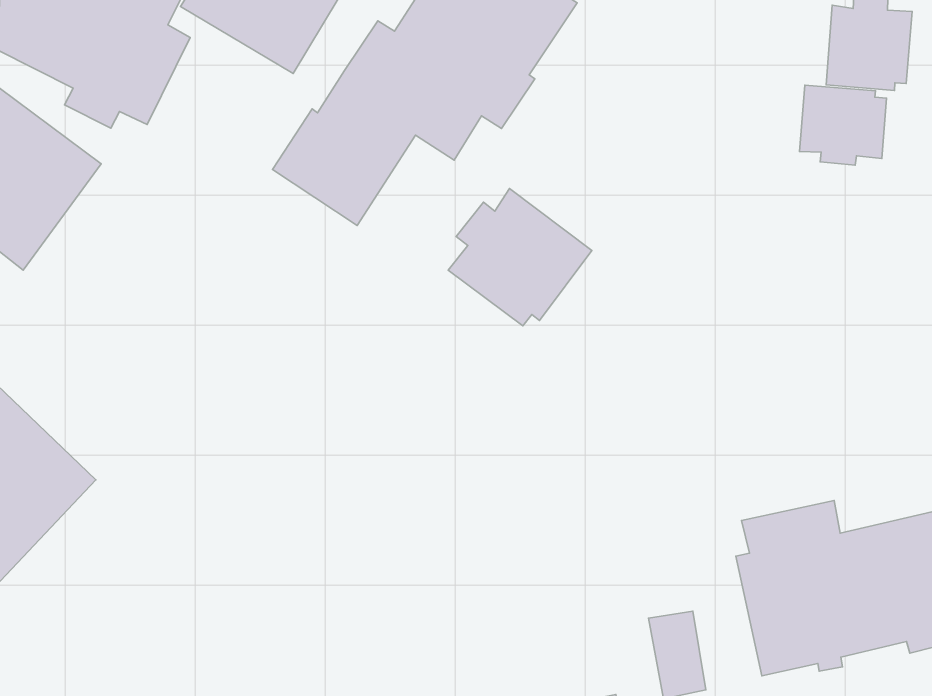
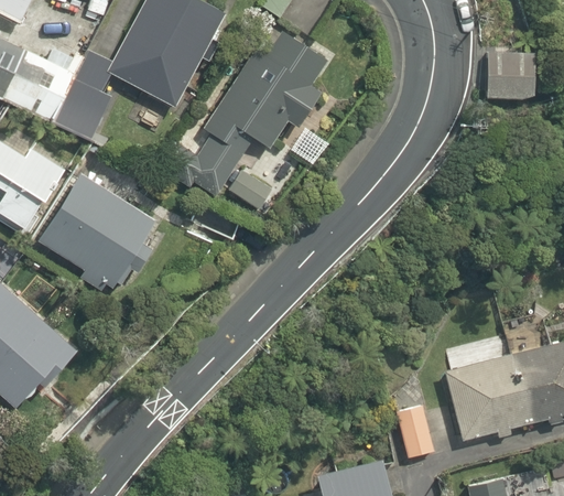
building: [799,85,887,165] -> none
building: none -> [34,164,164,288]
building: [448,189,592,326] -> none

